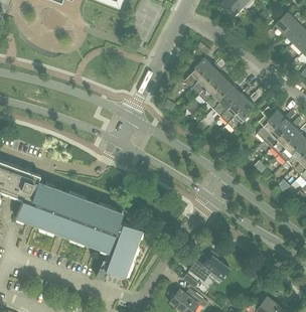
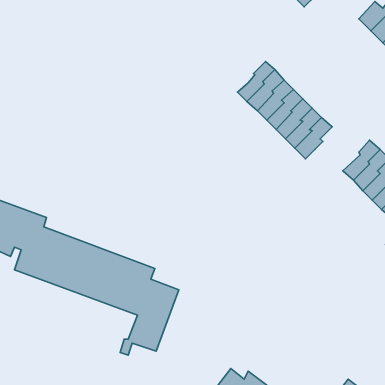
building: [258,108,284,141] -> none
building: [188,256,230,282] -> none

